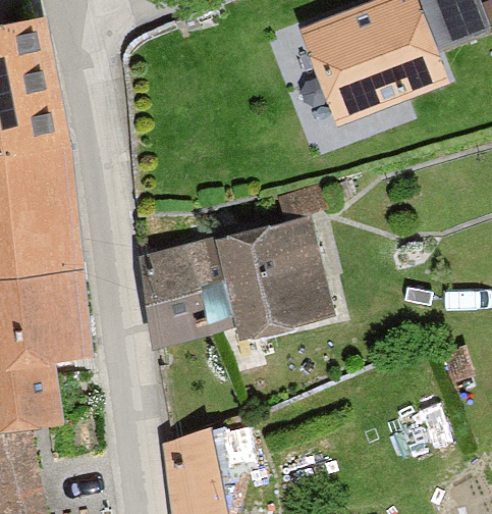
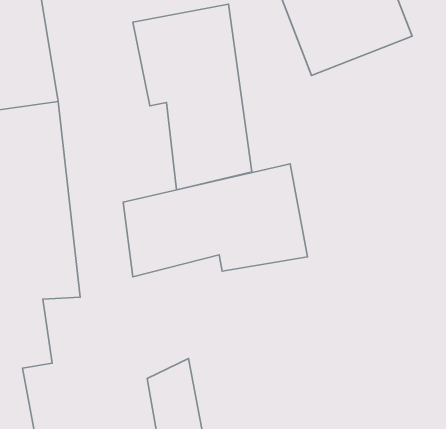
building: none -> [133,4,252,190]

